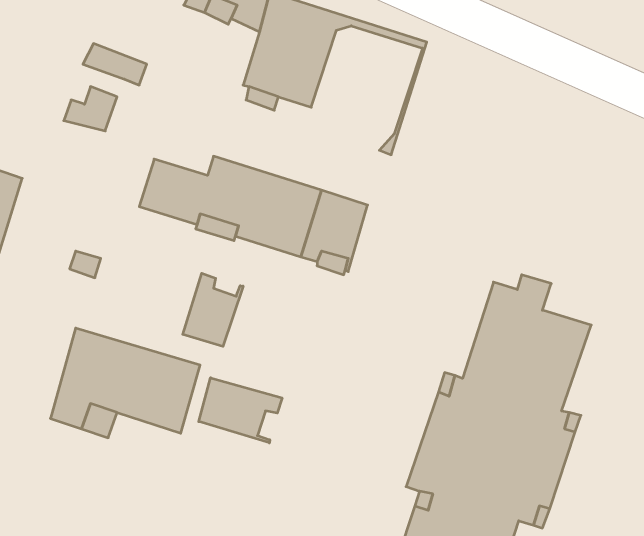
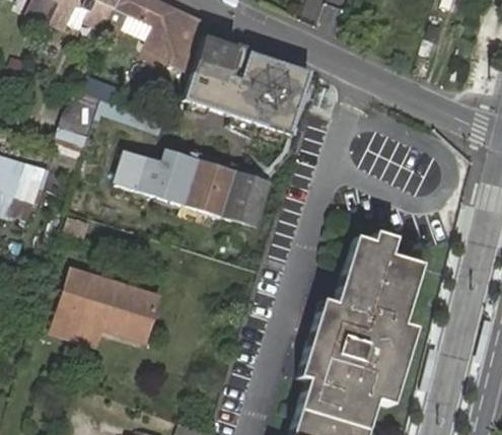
building: none -> [231,61,310,146]
building: [183,273,243,346] -> none
building: [199,378,282,443] -> none

